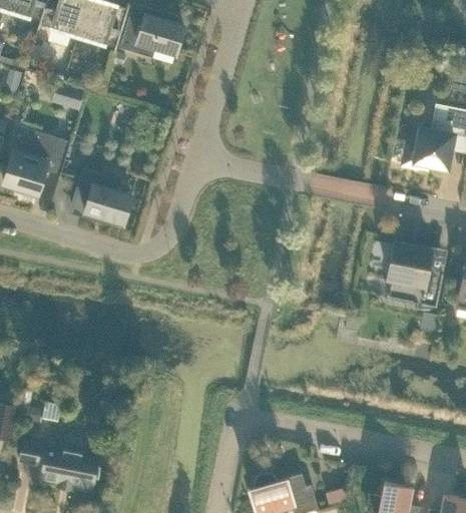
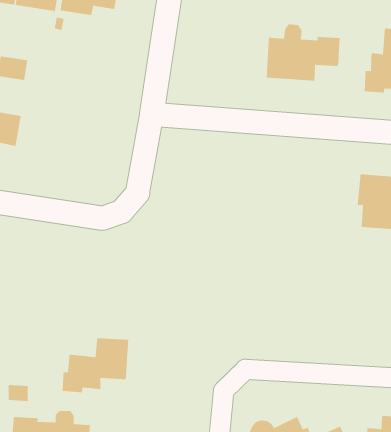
building: none -> [266,24,341,81]
building: [72,170,132,222] -> none
building: none -> [62,338,129,393]

